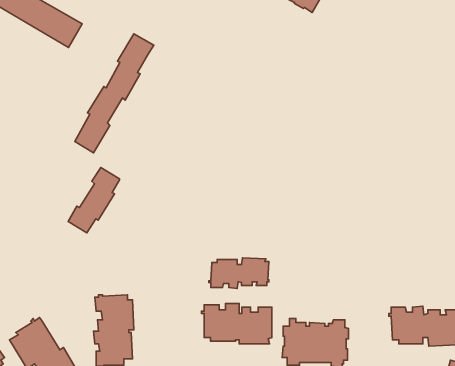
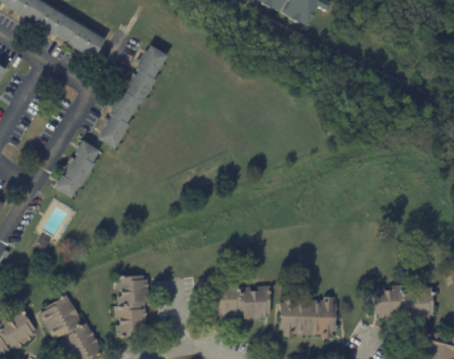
building: [68,167,120,233] -> [54,140,99,197]
building: [209,258,269,288] -> none

